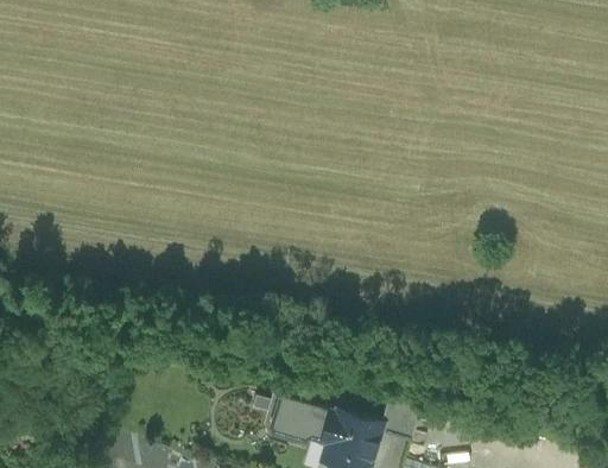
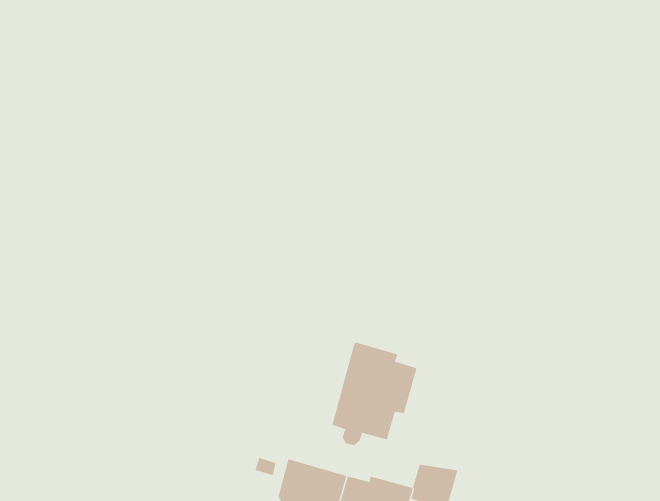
building: none -> [332,342,417,446]

